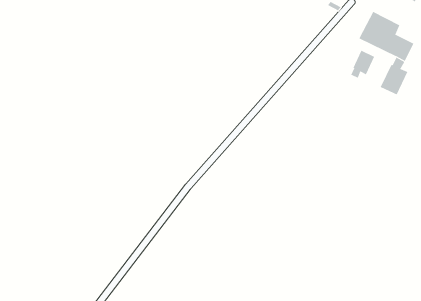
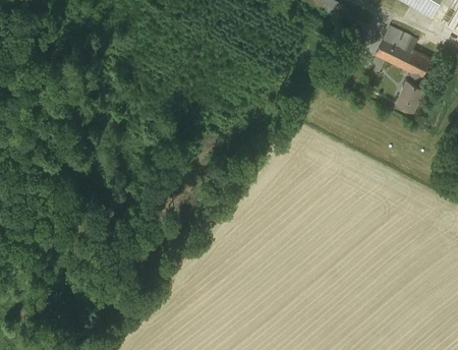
building: [351,50,375,78] -> none

